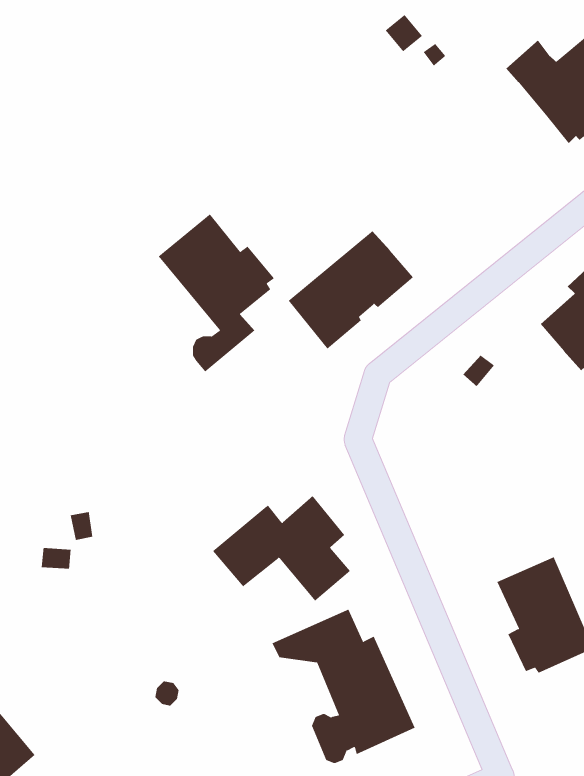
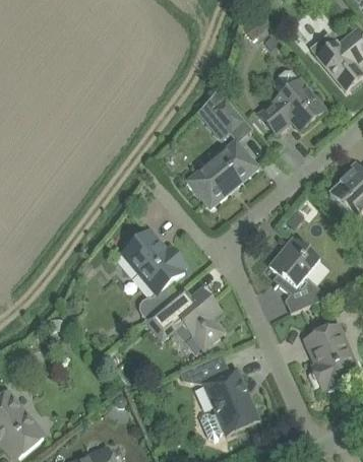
building: none -> [259,69,325,133]
building: none -> [211,97,243,131]
building: [158,213,275,375] -> [120,228,186,320]
building: none -> [268,237,328,313]

